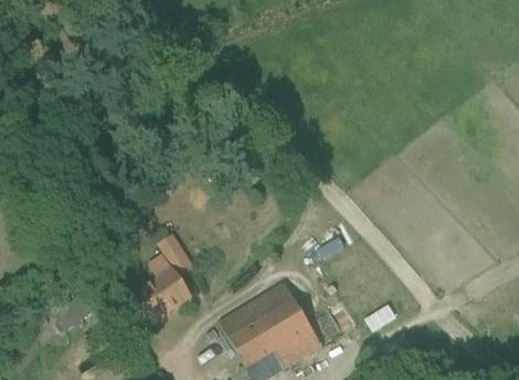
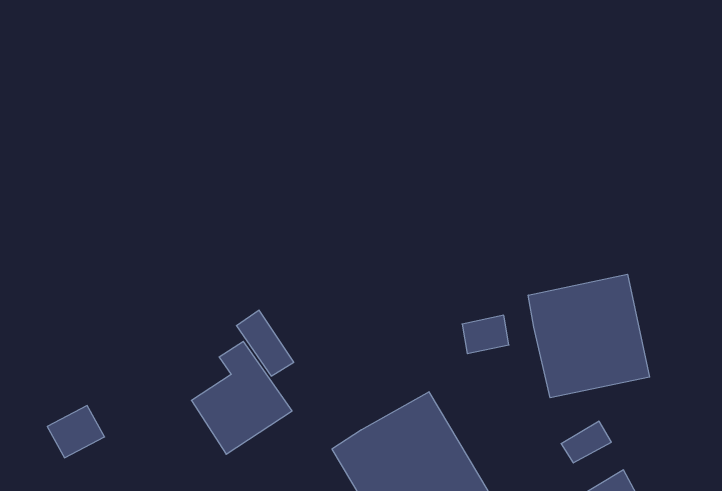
building: none -> [528,274,650,398]

